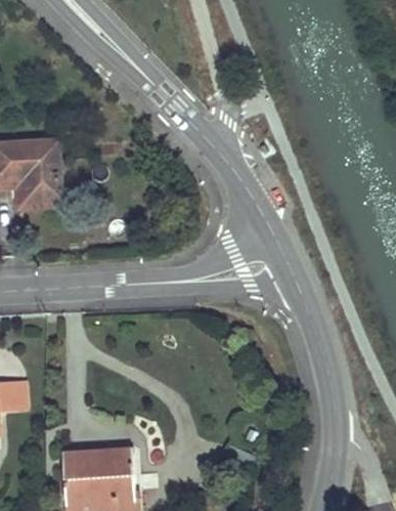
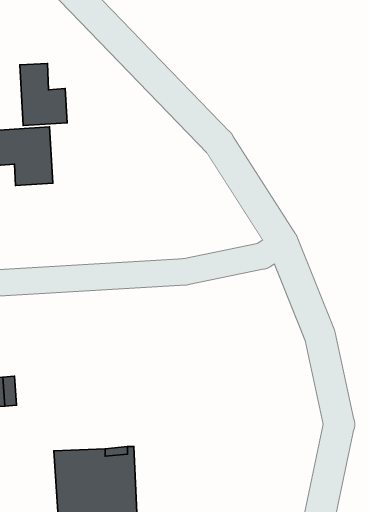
building: none -> [20,63,67,125]

